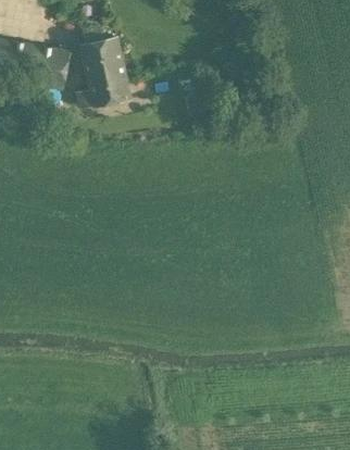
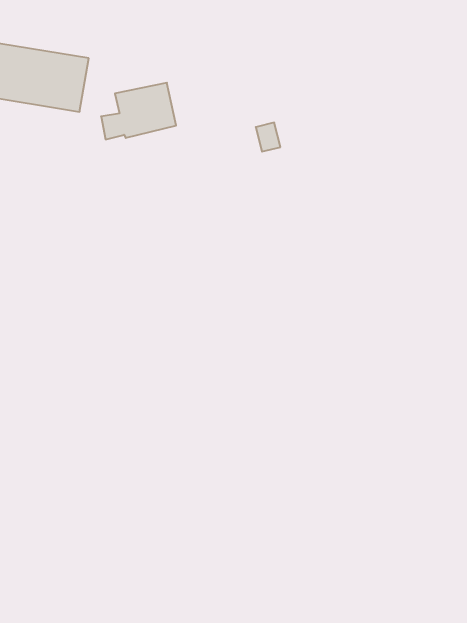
building: [79,26,123,73] -> none

